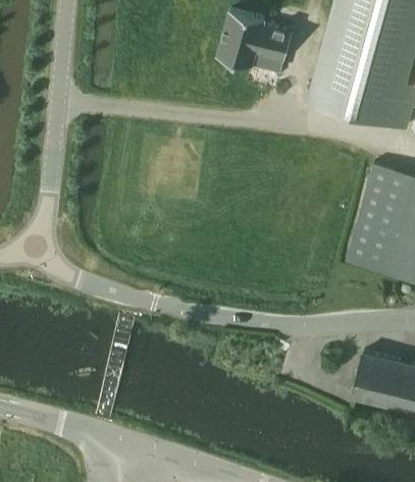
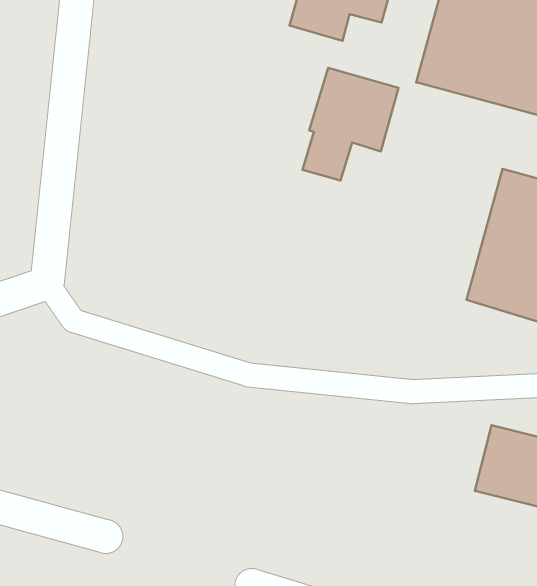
building: none -> [302,68,399,181]

